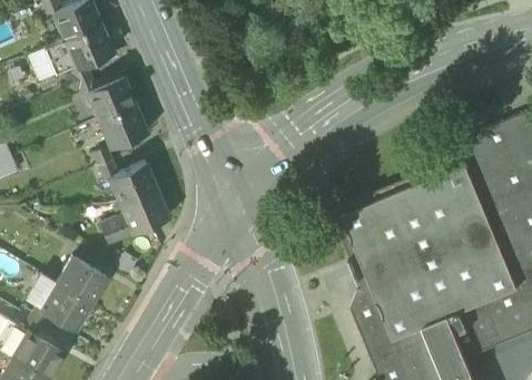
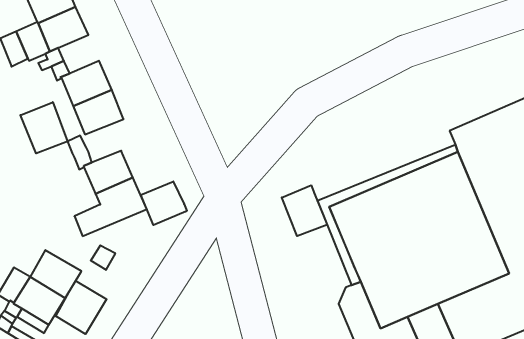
building: none -> [20,102,67,153]
building: none -> [141,181,187,225]
building: none -> [282,185,327,236]
building: none -> [56,281,107,334]

